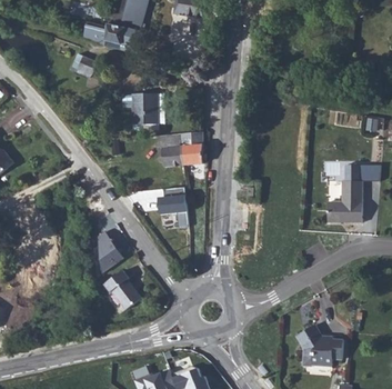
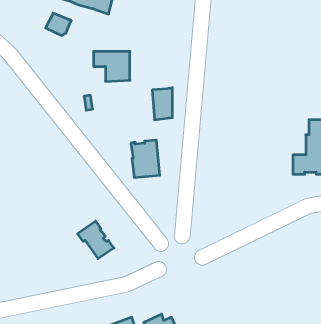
building: [158,133,183,167] -> none
building: [91,230,127,268] -> none
building: [295,323,343,366] -> none

